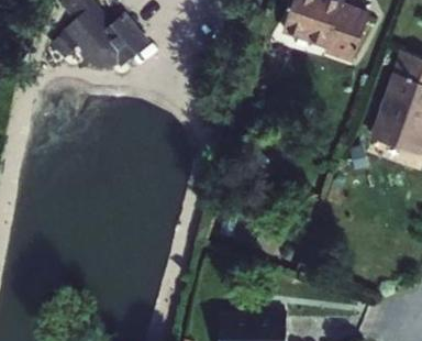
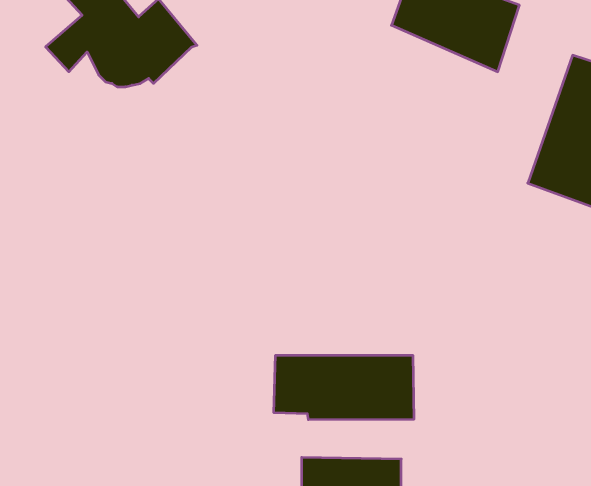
building: none -> [274,355,414,420]

